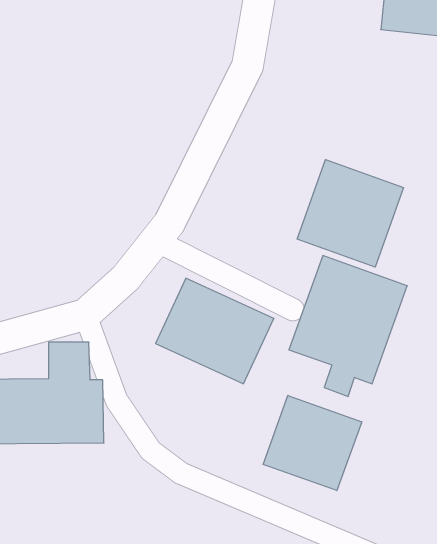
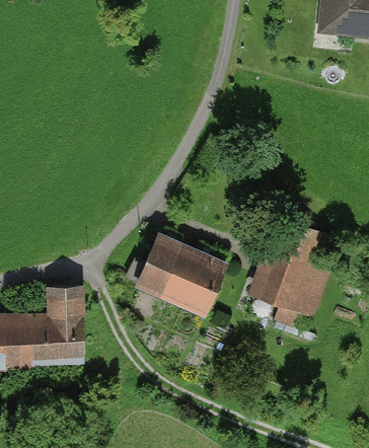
building: [297,160,404,267] -> none
building: [263,395,362,491] -> none

